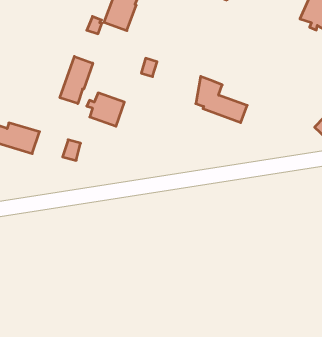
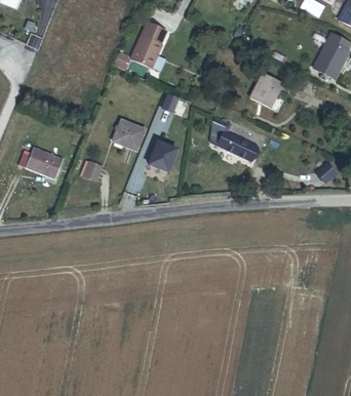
building: none -> [249,74,280,108]
building: [60,56,93,104] -> none
building: none -> [149,144,177,174]

